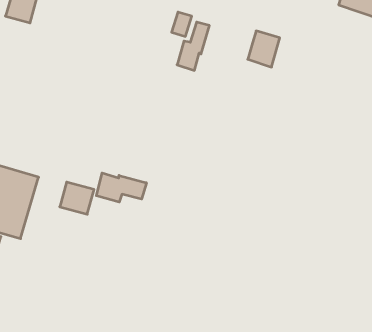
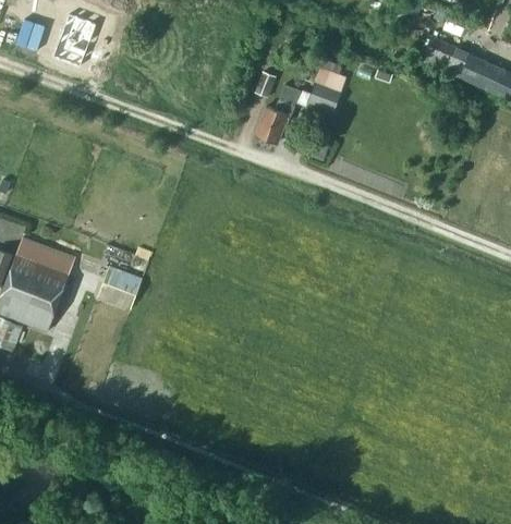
building: [248,31,280,67] -> [307,66,349,112]
building: [96,173,146,202] -> none

